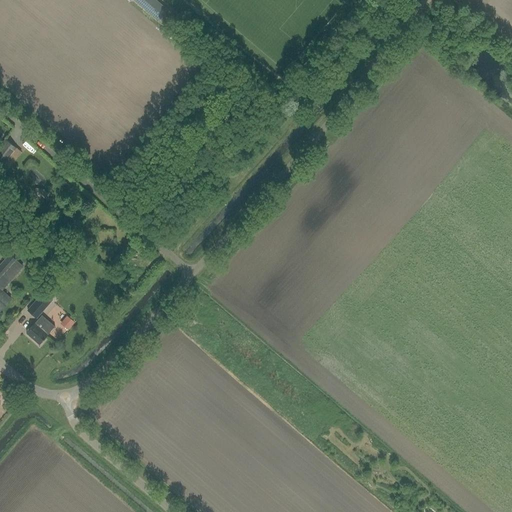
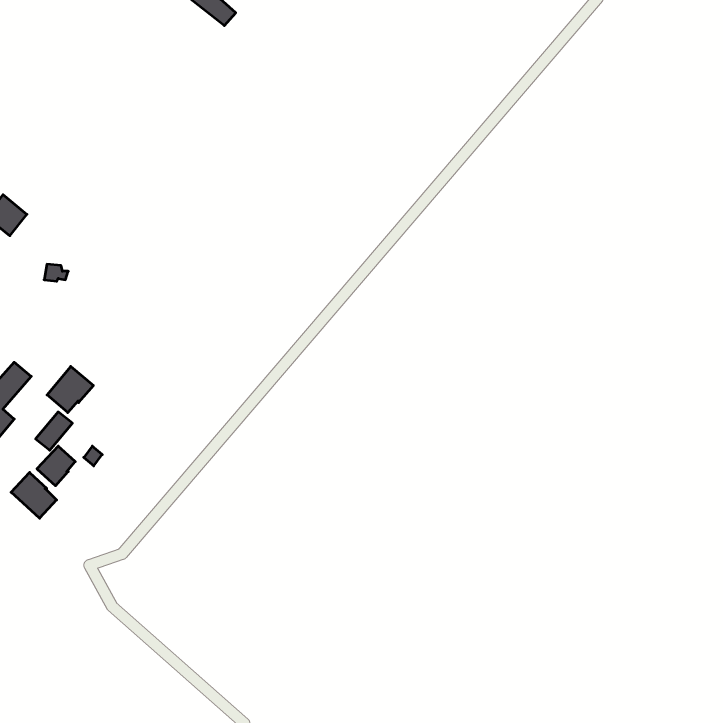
building: none -> [47,366,93,413]
building: none -> [11,472,57,518]

